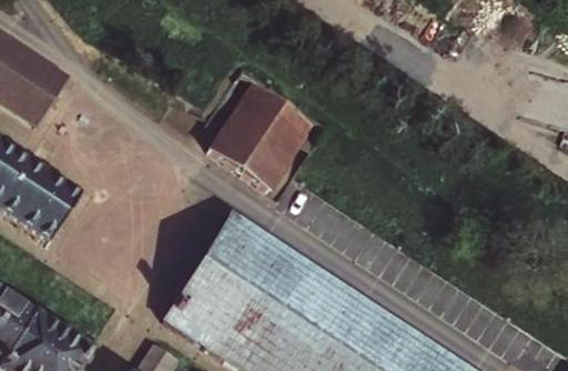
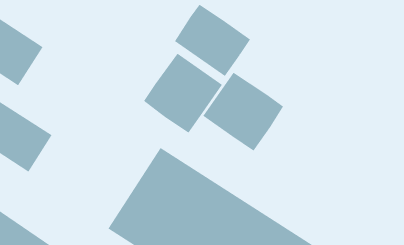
building: none -> [174,4,251,77]
building: none -> [202,72,284,152]

